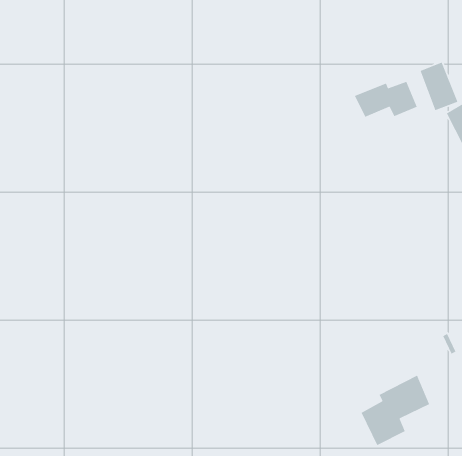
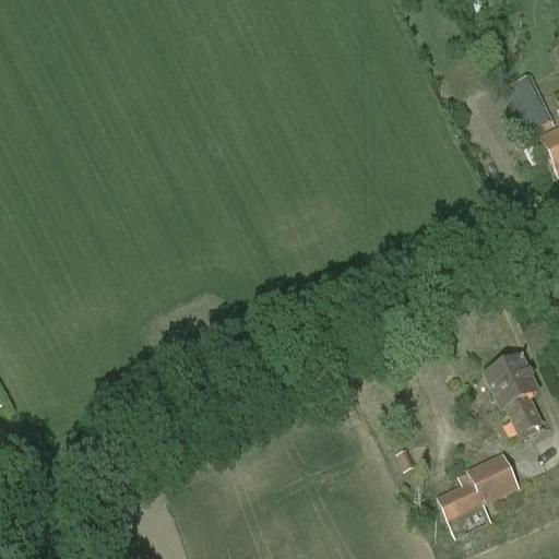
building: [354,81,418,118] -> none
building: none -> [485,356,542,436]

